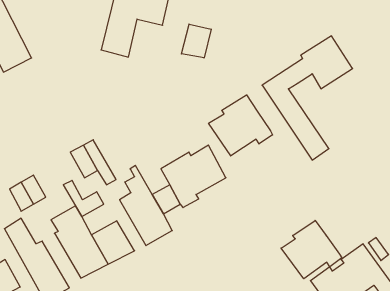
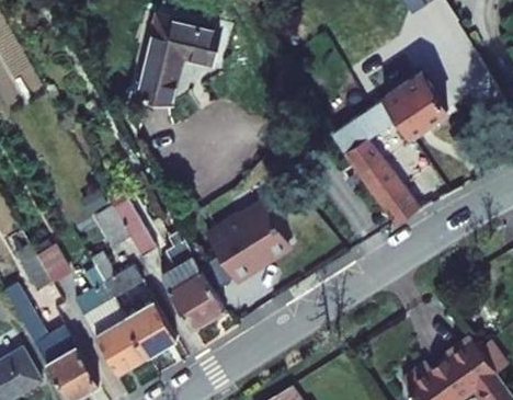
building: [181,24,211,58] -> none
building: [209,95,273,156] -> none
building: [281,220,342,279] -> none

